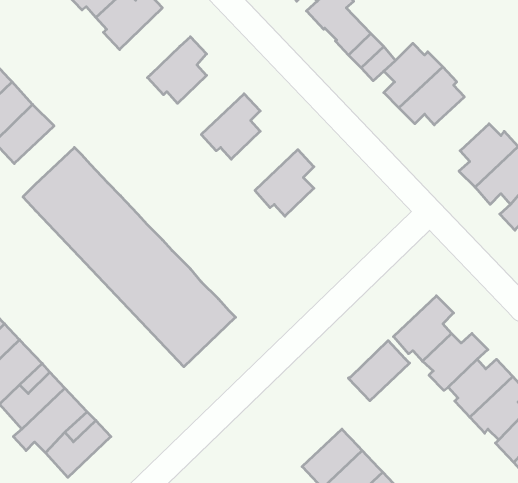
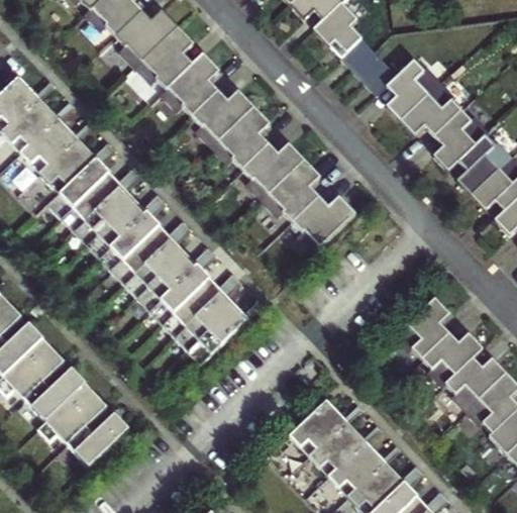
building: none -> [137,25,194,88]
building: none -> [192,89,254,144]
building: none -> [433,109,488,170]
building: none -> [38,136,95,192]
building: none -> [242,141,305,197]
building: none -> [293,195,355,251]
building: [348,341,410,401] -> [289,400,346,456]

